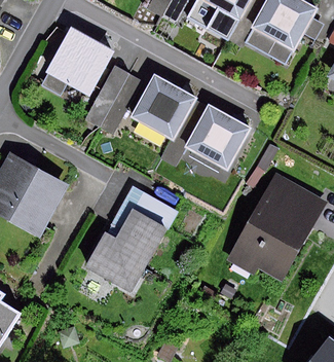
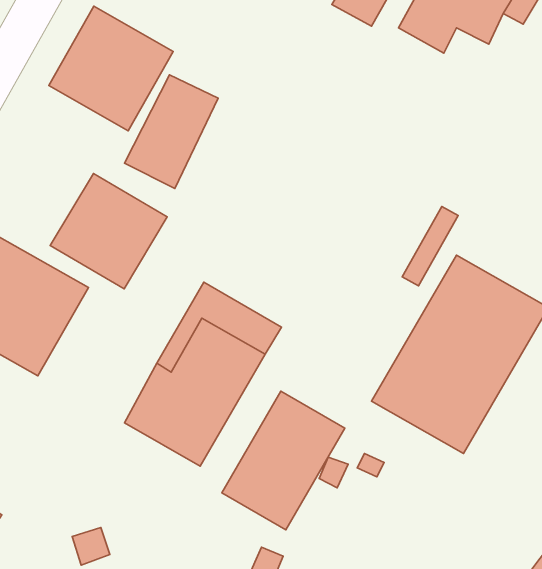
building: [129,75,196,141] -> [50,173,167,289]
building: [186,108,249,172] -> none
building: none -> [222,391,345,530]

